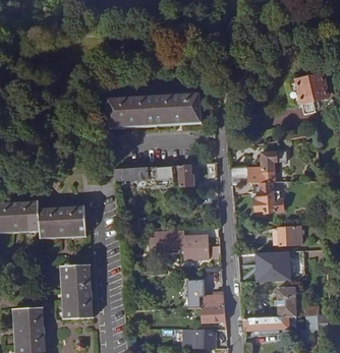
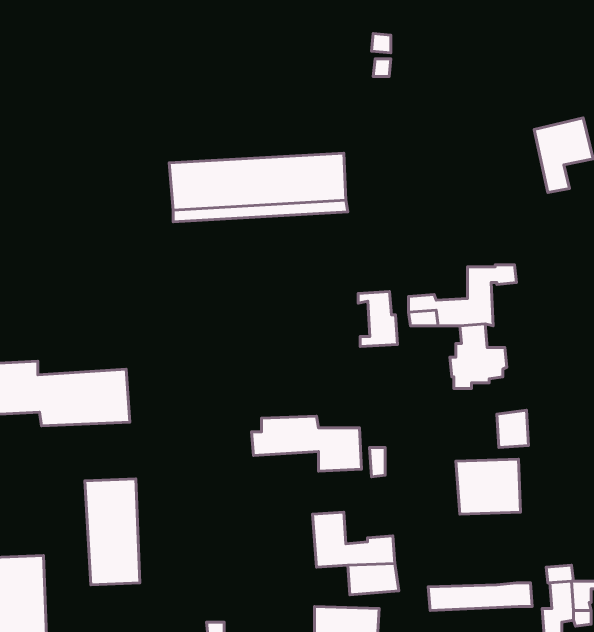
building: [173,164,193,192] -> [358,291,397,346]
building: [114,167,154,184] -> none
building: [276,288,298,317] -> none

